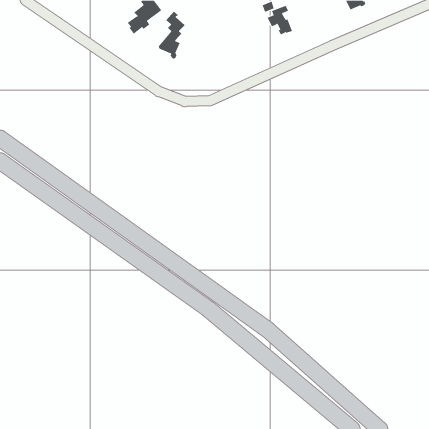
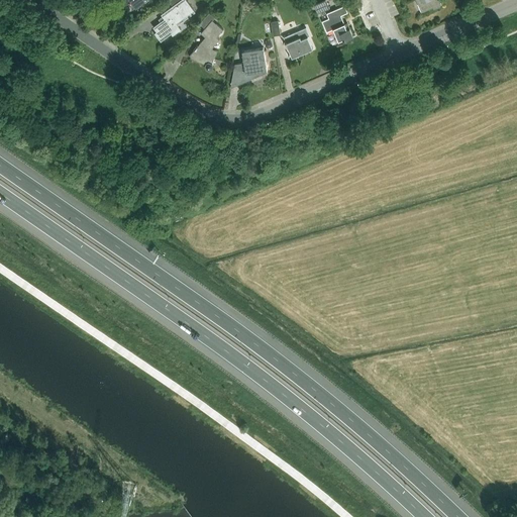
building: none -> [271,21,313,58]
building: none -> [231,47,267,85]

